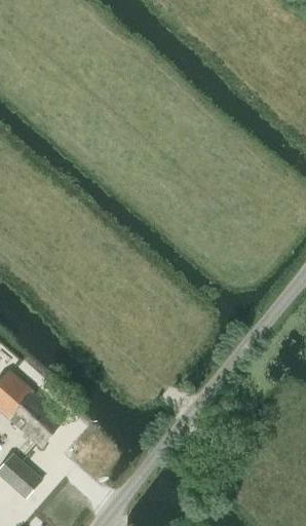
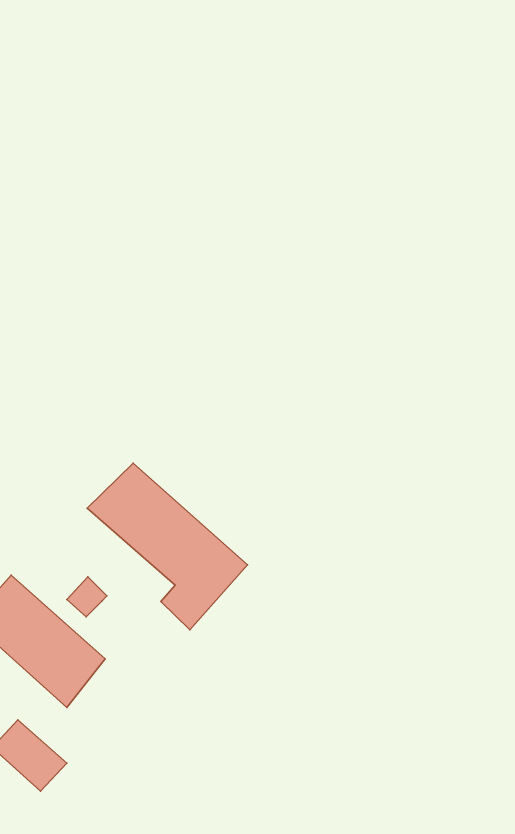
building: none -> [87,463,248,630]

